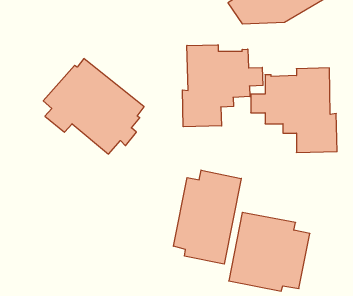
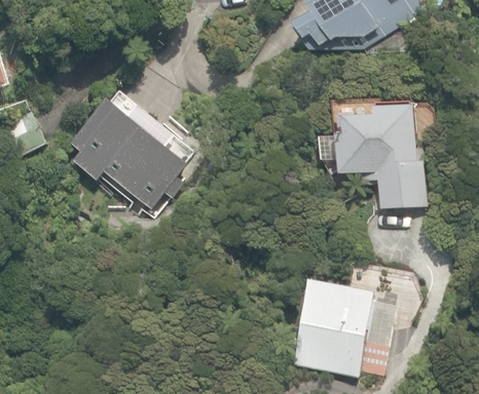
building: [182,45,263,127] -> none
building: [173,170,241,264] -> none

